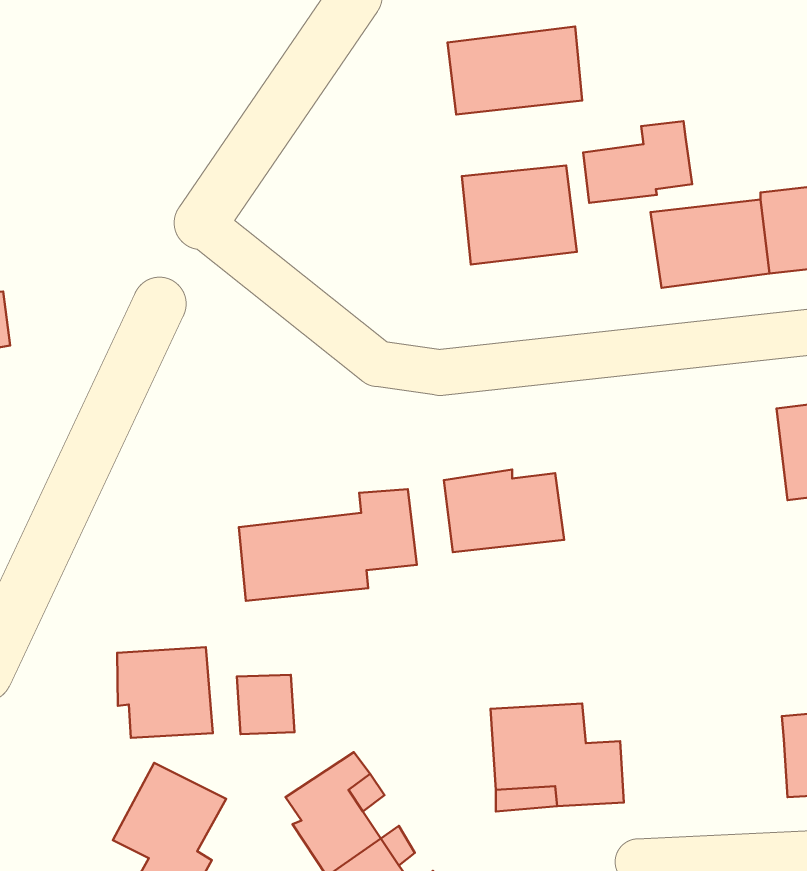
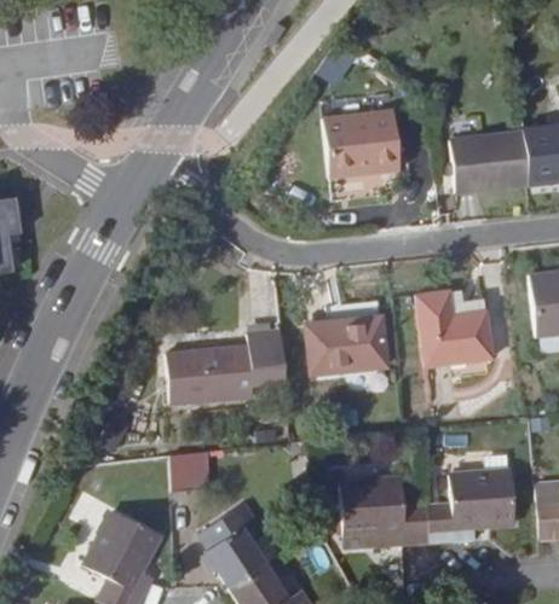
building: [448,26,582,114] -> none
building: [583,121,692,203] -> none
building: none -> [422,291,496,364]
building: [117,647,213,738] -> none
building: none -> [427,465,513,540]

